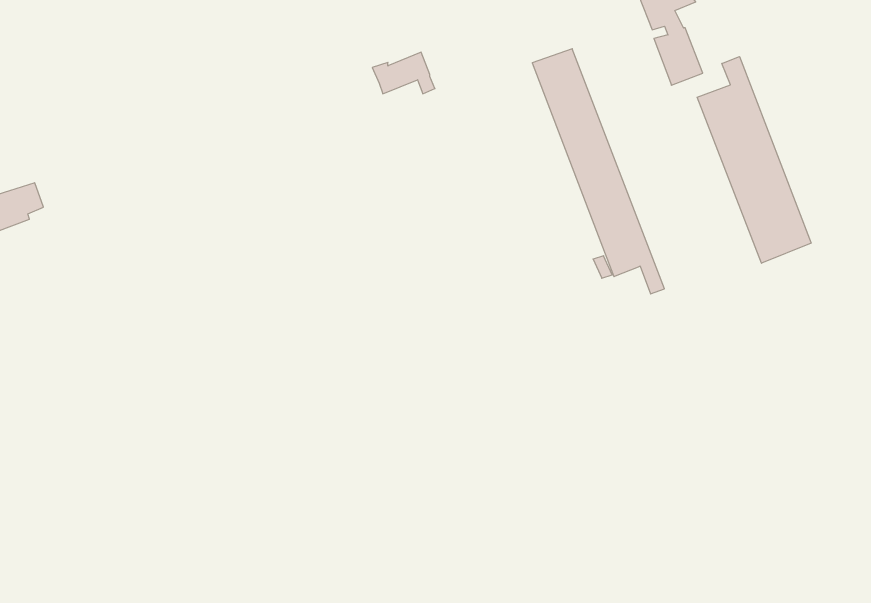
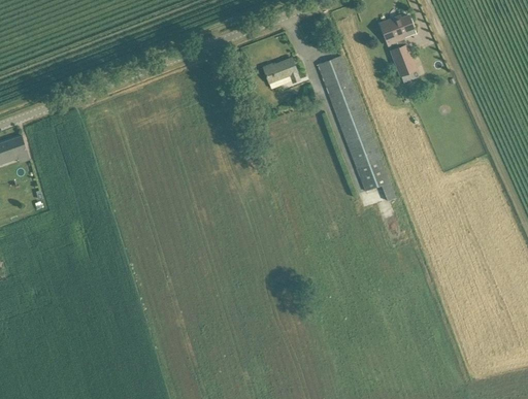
building: [372,52,435,94] -> [262,58,299,82]
building: [697,57,811,263] -> none

